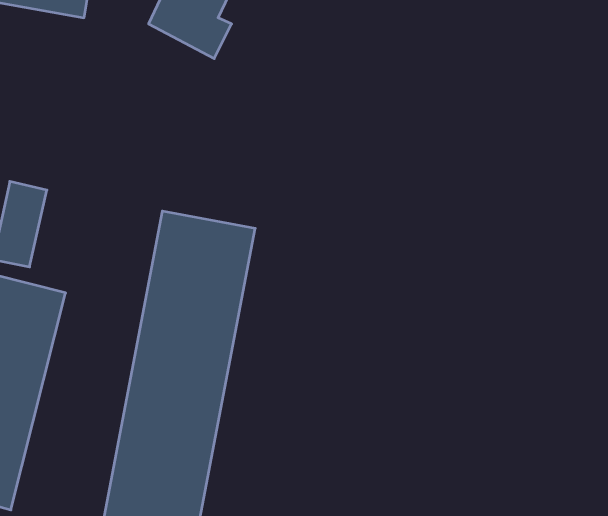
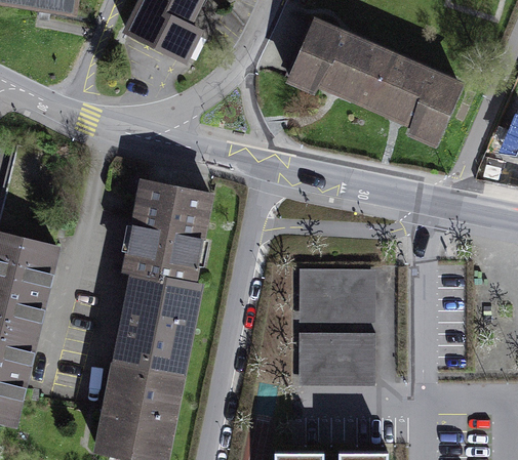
building: none -> [283,22,468,143]
building: none -> [300,264,376,381]

